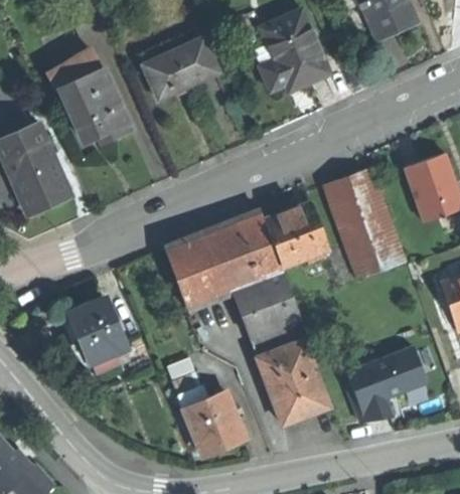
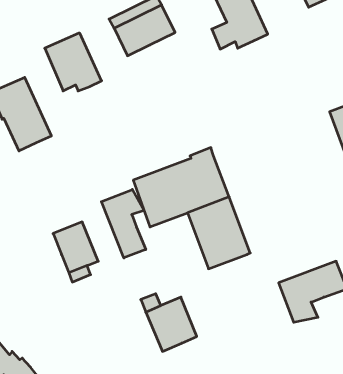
building: [48,52,102,91] -> none
building: [325,168,407,278] -> none
building: [264,202,329,268] -> none
building: none -> [101,189,146,258]
building: [258,339,329,424] -> none

